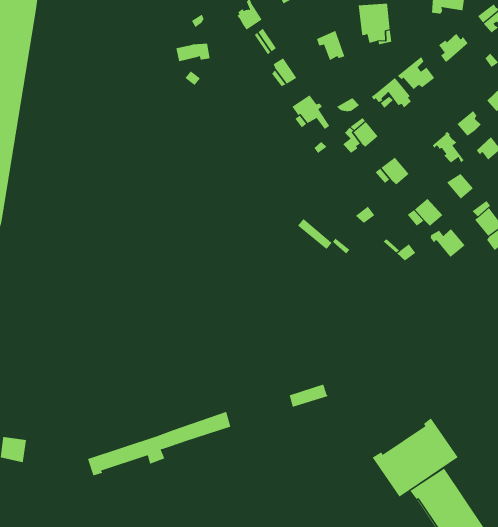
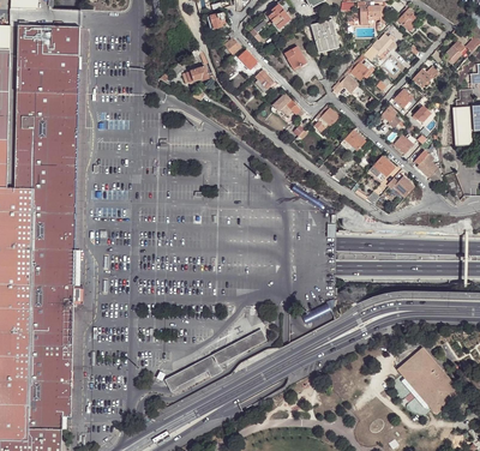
building: [372,417,458,497] -> none

